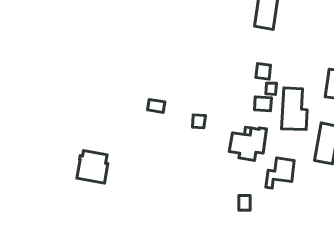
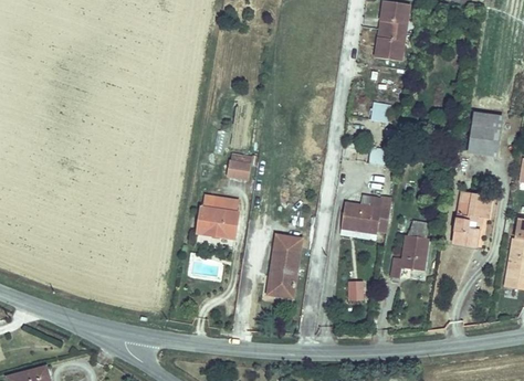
building: [282,88,307,129] -> none
building: [77,151,108,183] -> [197,190,239,234]
building: none -> [266,230,300,294]

